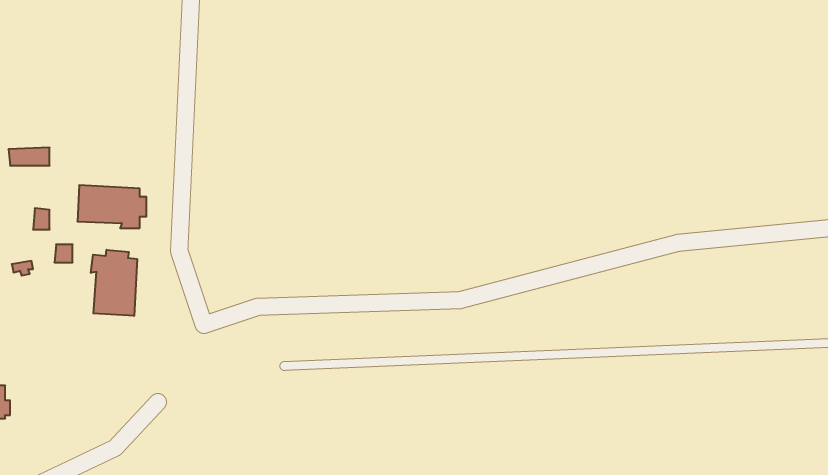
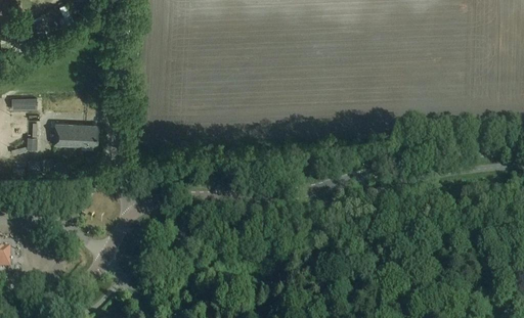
building: [91,250,137,316] -> none

